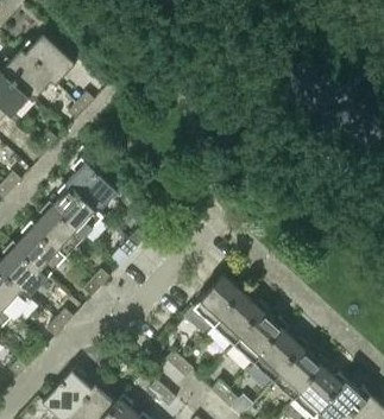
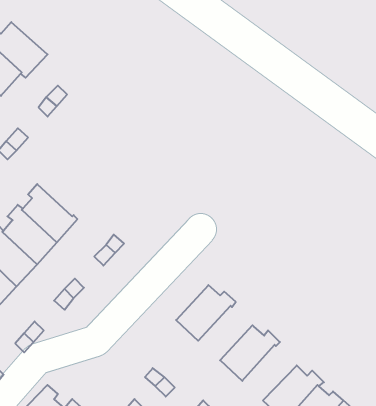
building: [65,160,117,214] -> none
building: [213,296,267,345] -> none
building: [253,331,308,382] -> none

